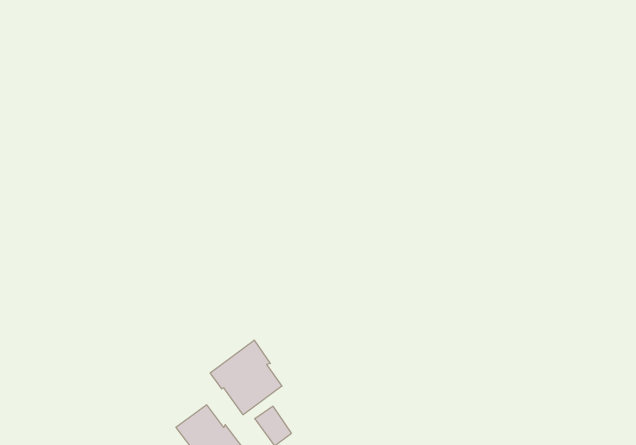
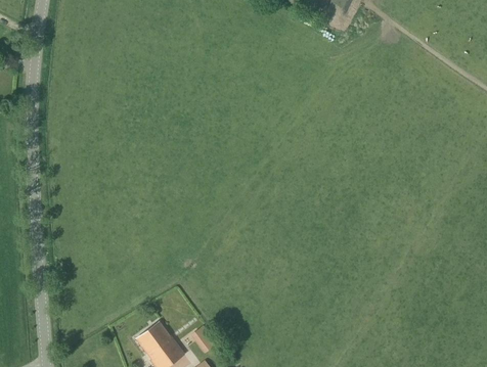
building: [210,340,282,415] -> none

